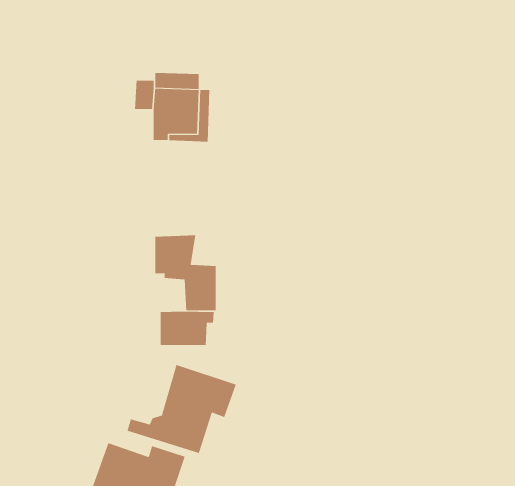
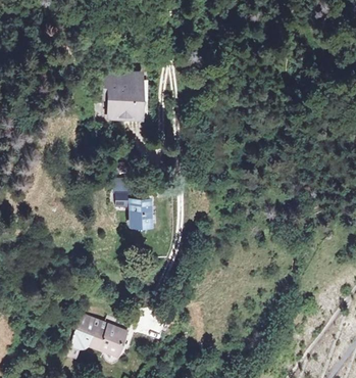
building: [160,311,214,346] -> none
building: [127,364,236,454] -> none

